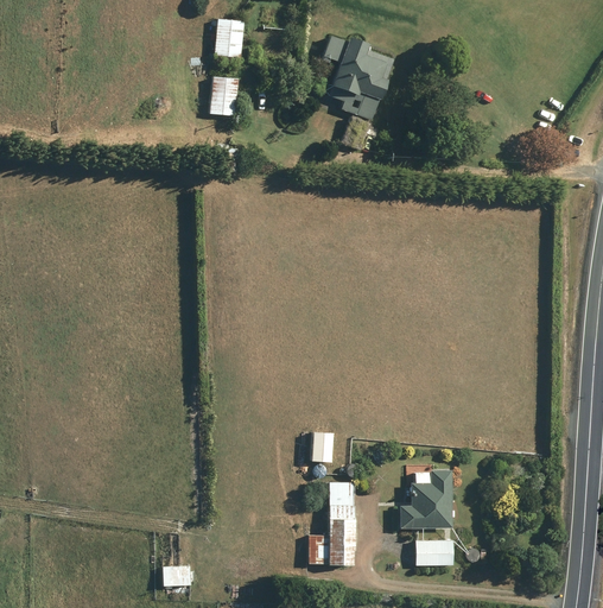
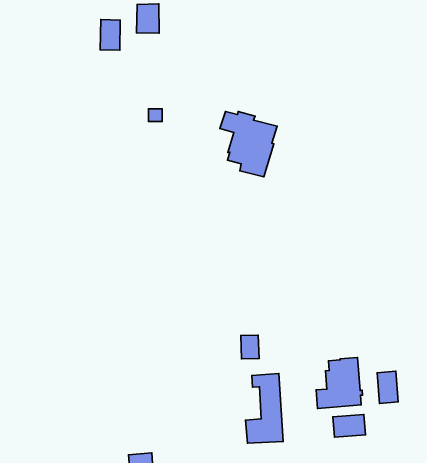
building: [322,36,392,119] -> [220,112,277,177]
building: [210,76,237,115] -> [100,20,120,50]
building: none -> [377,371,398,403]

